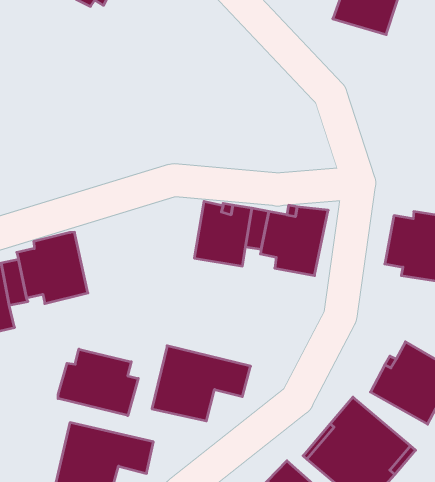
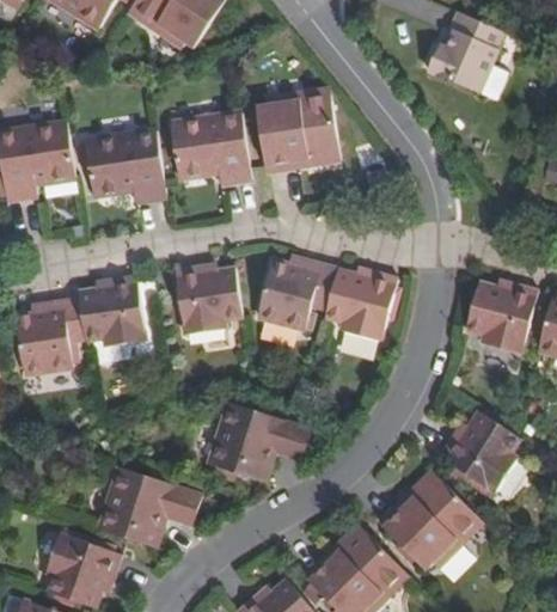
building: none -> [251,98,337,173]
building: none -> [170,118,250,188]
building: none -> [88,133,164,203]
building: none -> [182,263,249,332]
building: [58,349,138,416] -> none

